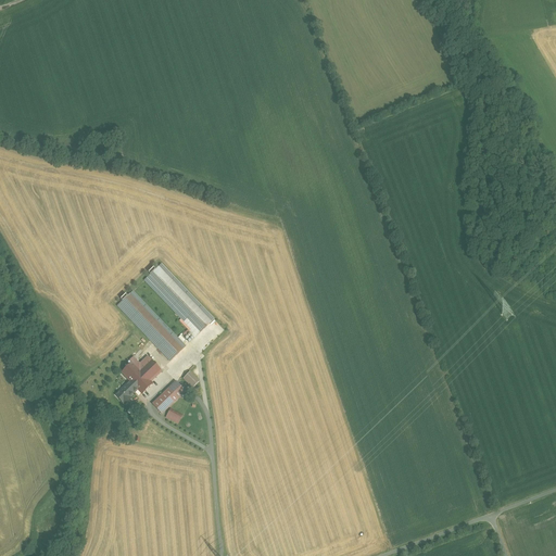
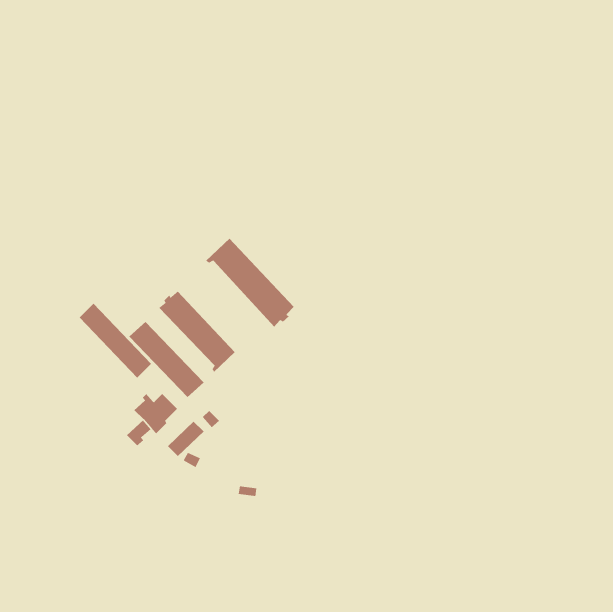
building: none -> [205,238,295,327]
building: none -> [79,303,152,378]

